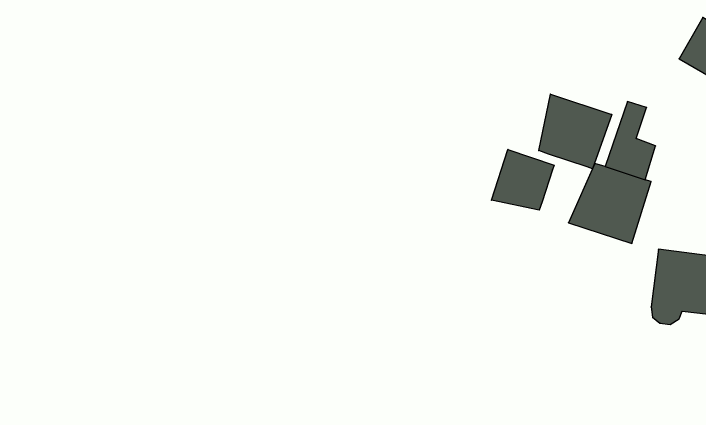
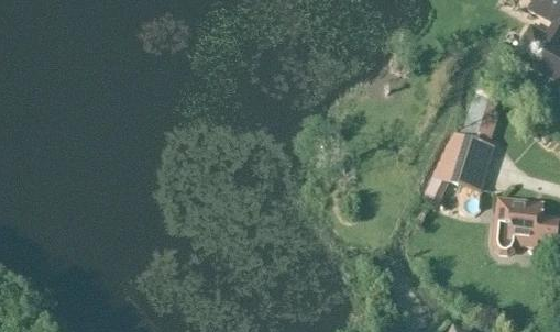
building: [539,94,612,169] -> none
building: [491,149,554,210] -> none

